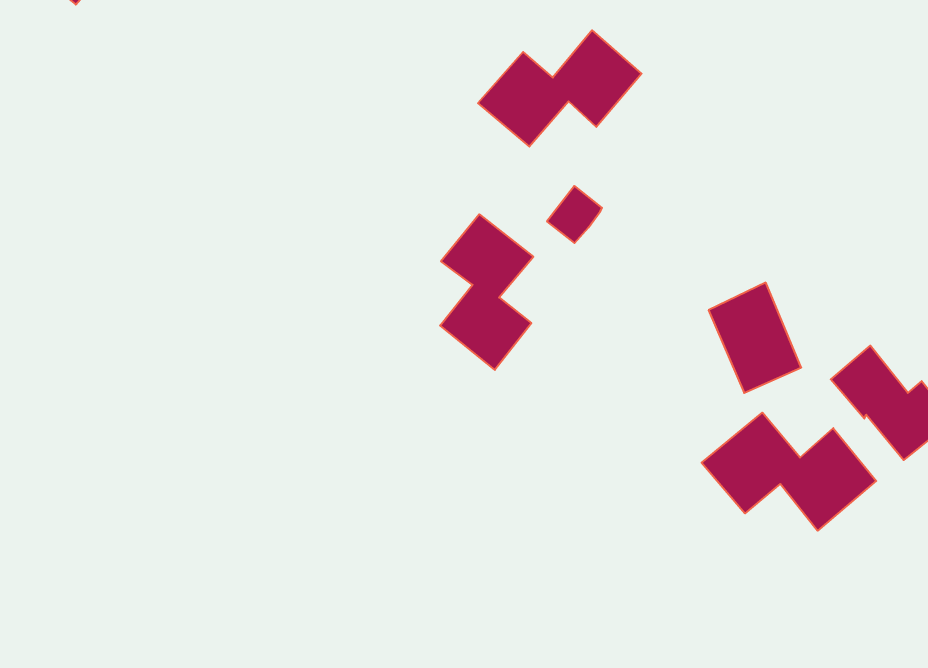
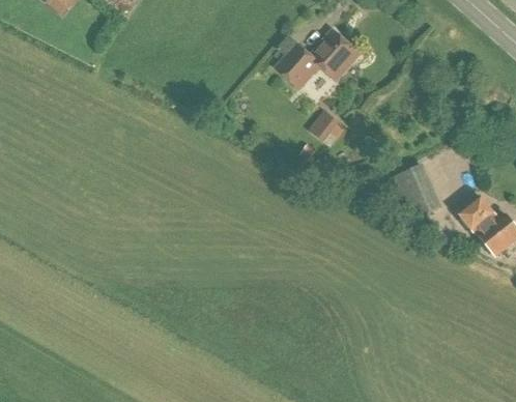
building: [440,214,533,370] -> none
building: [702,413,876,531] -> none

